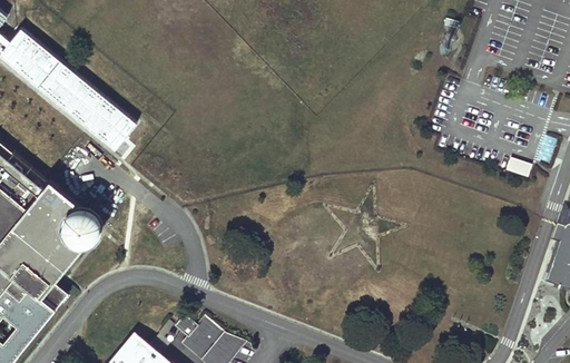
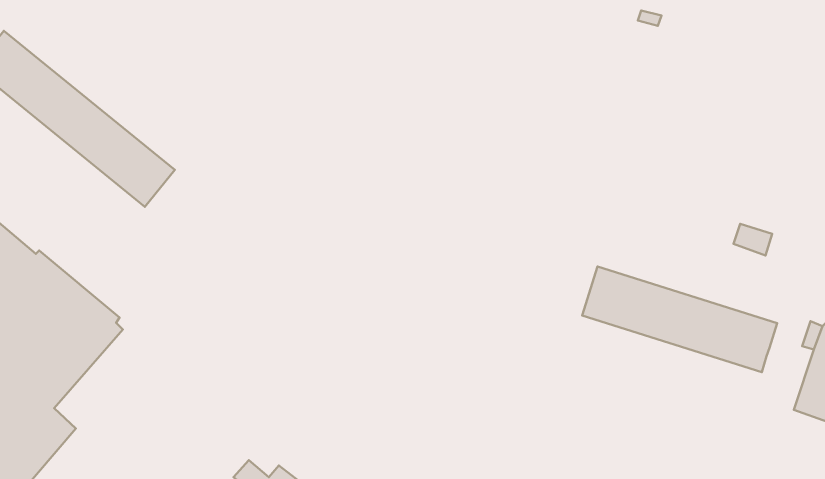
building: none -> [582,266,777,372]

